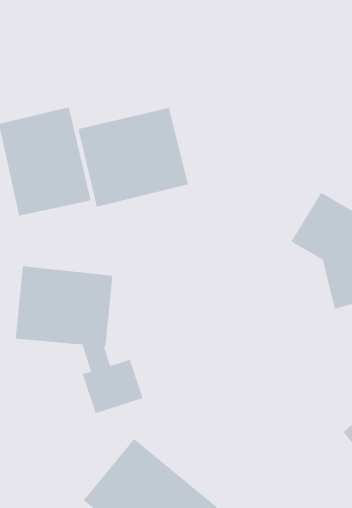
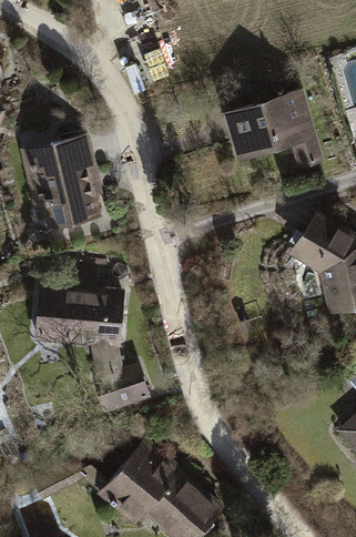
building: none -> [224,90,325,172]
building: [78,107,189,208] -> none

